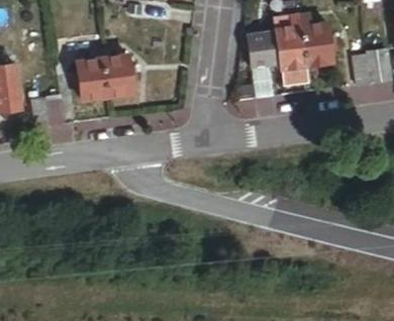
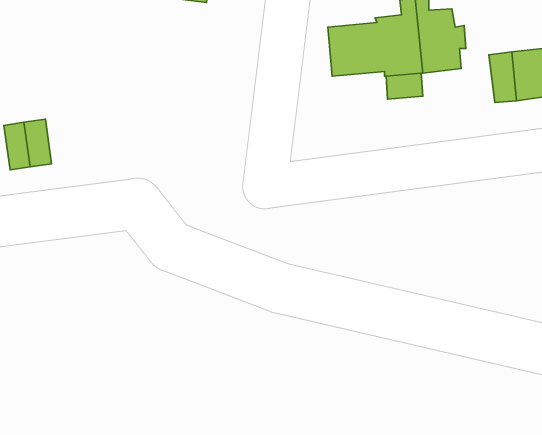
building: [74,48,137,99] -> none

